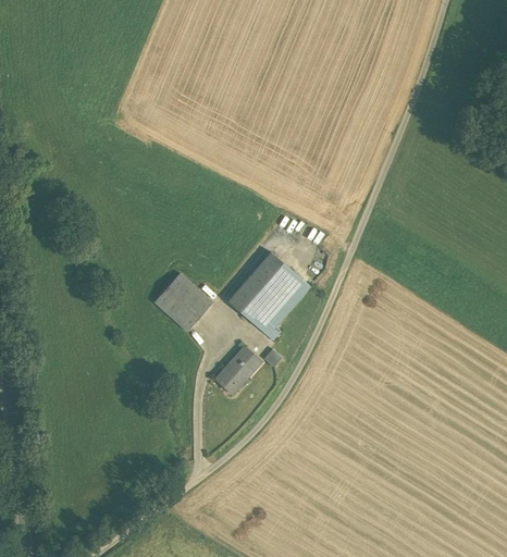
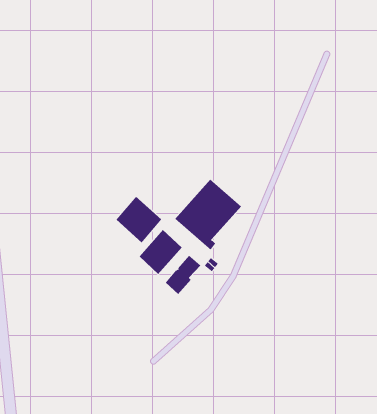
building: none -> [139,229,182,275]

